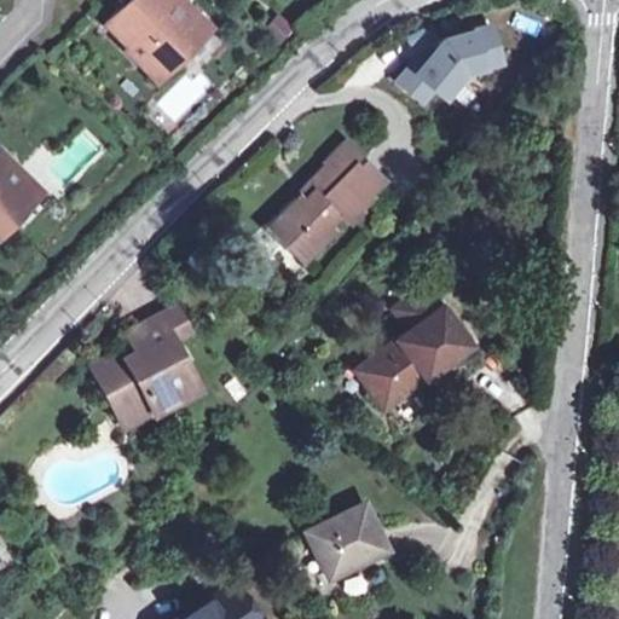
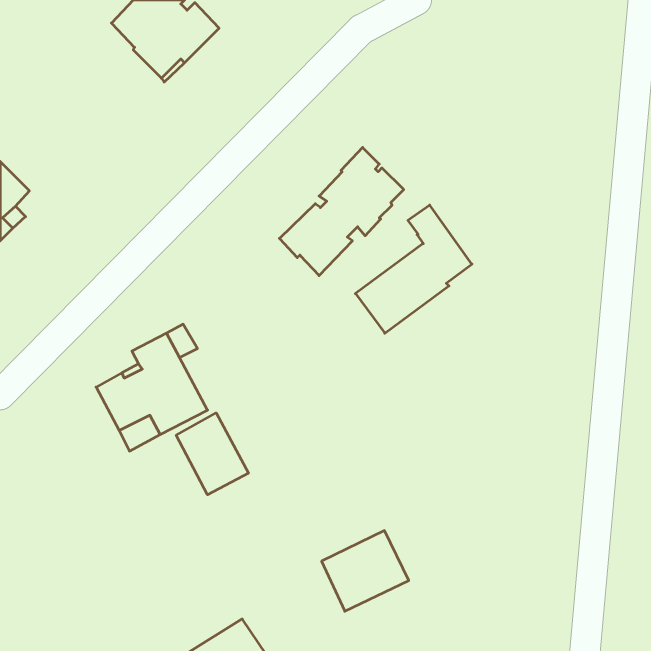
building: [400,28,499,99] -> none
building: [357,288,467,409] -> [355,205,472,333]
building: none -> [176,413,248,495]

